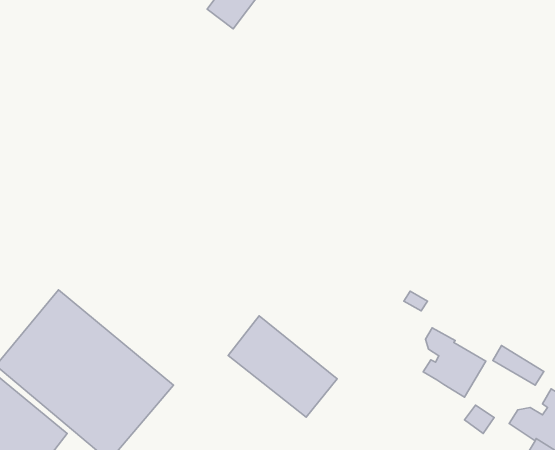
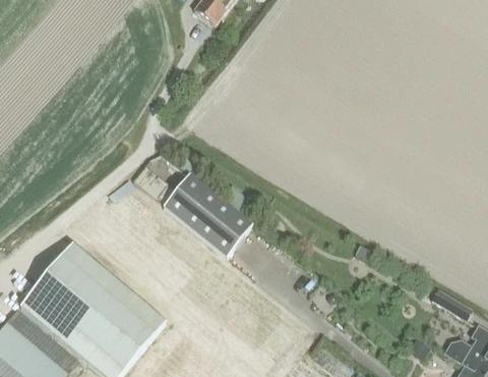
building: [228,316,337,417] -> [163,173,252,257]
building: [423,328,486,397] -> none

